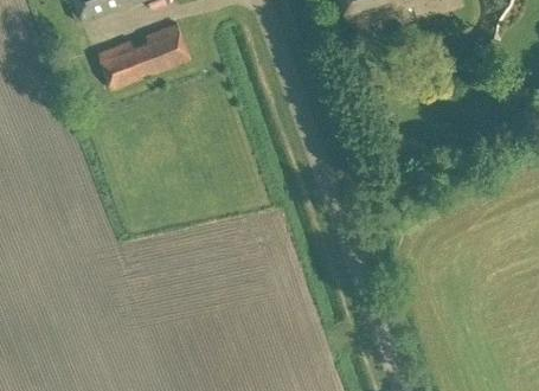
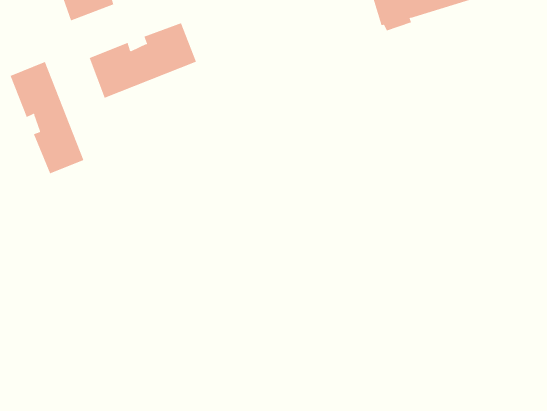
building: none -> [10,61,84,174]

